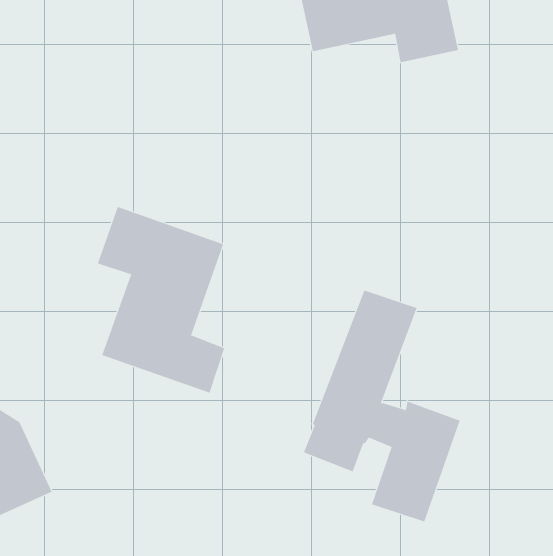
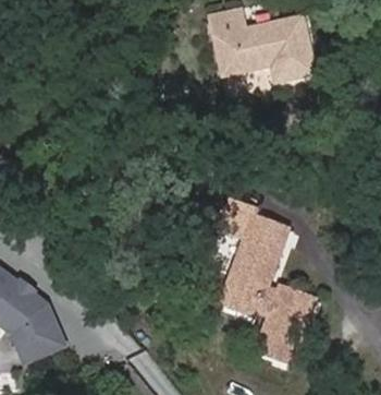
building: [97,206,225,394] -> none

